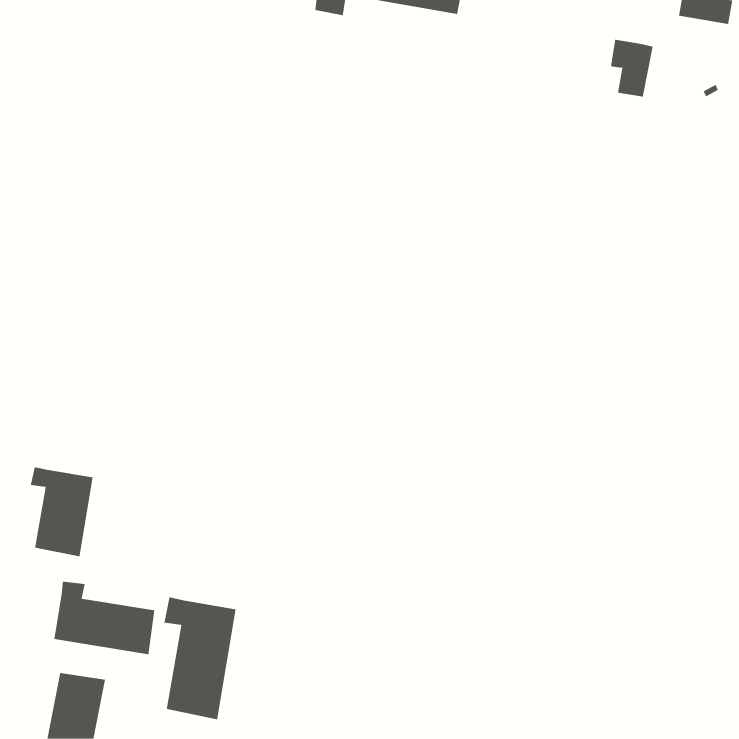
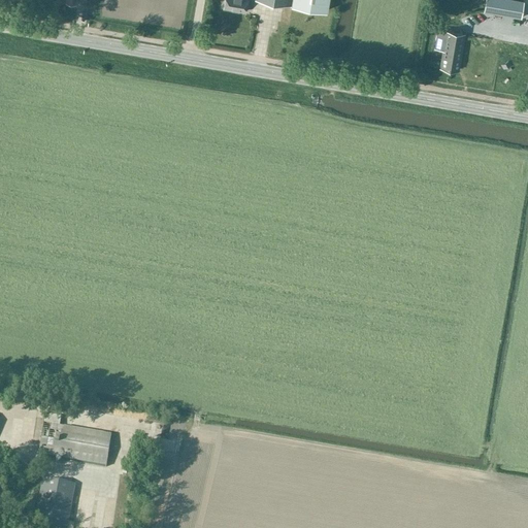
building: [30,466,93,557] -> none
building: [164,597,236,720] -> none

